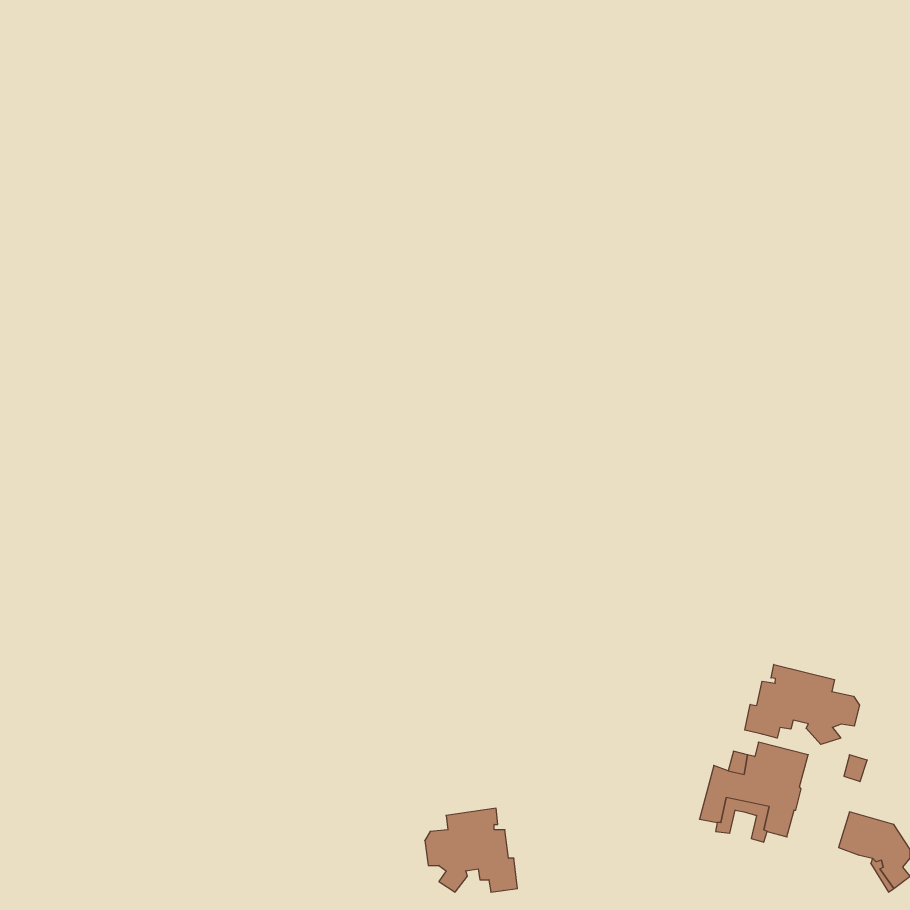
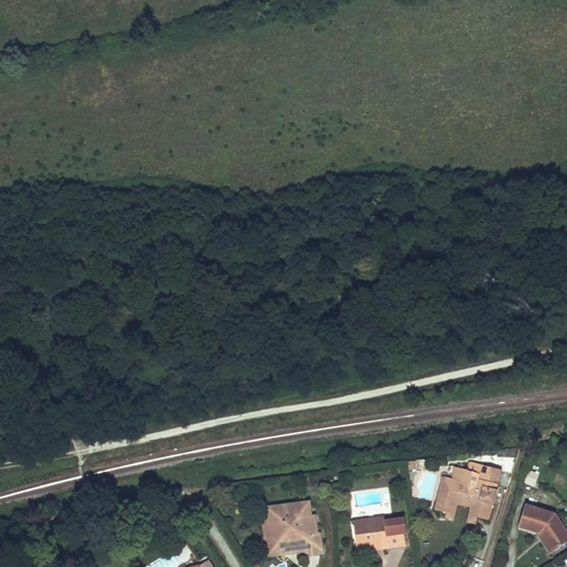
building: [745,664,860,744] -> none
building: none -> [352,515,406,547]

